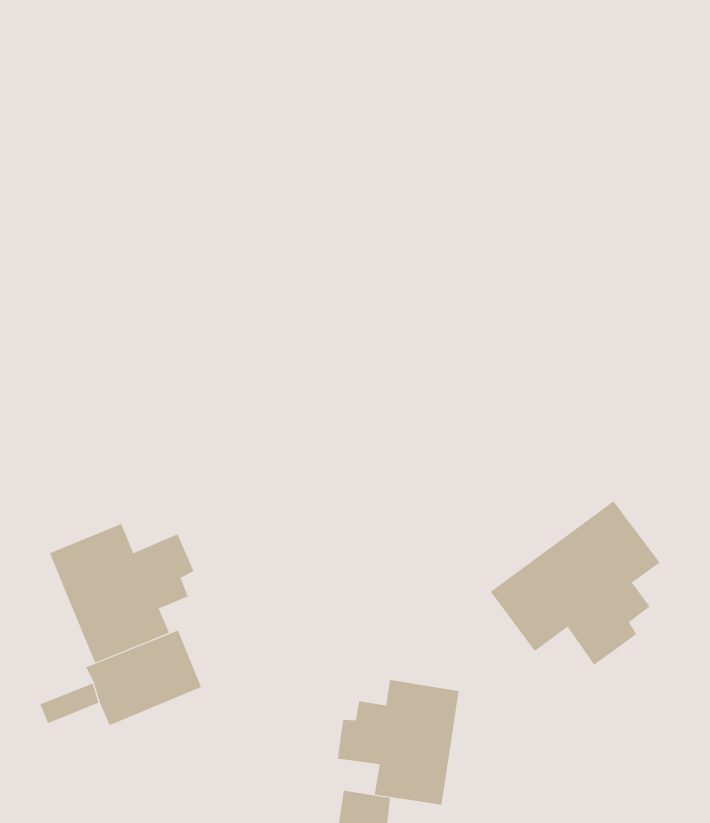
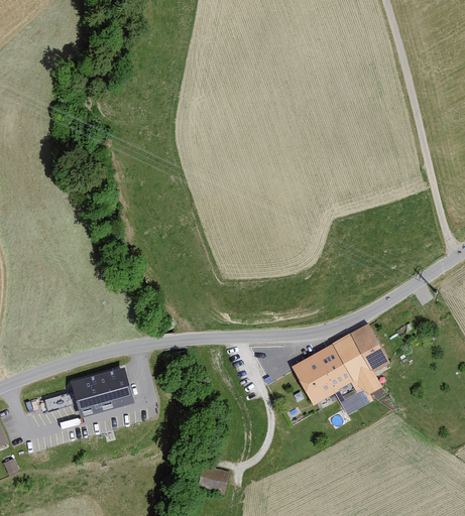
building: [49,523,194,663] -> none
building: [337,679,459,805] -> none

